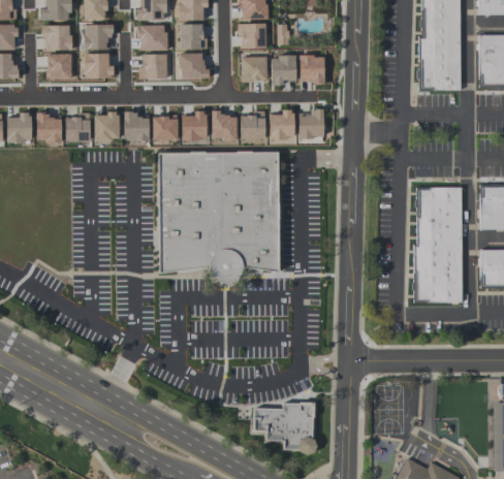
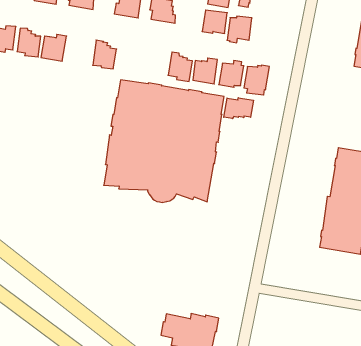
building: [298,57,324,87] -> none
building: [182,110,207,140] -> none
building: [94,111,120,141] -> none
building: [153,114,178,139] -> none
building: none -> [224,98,253,119]

